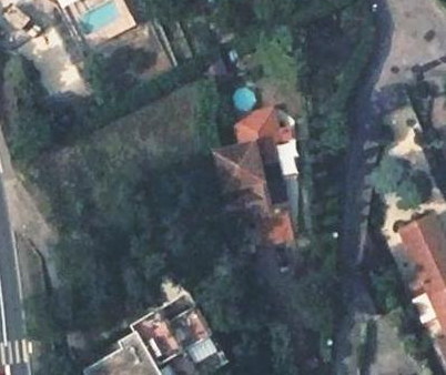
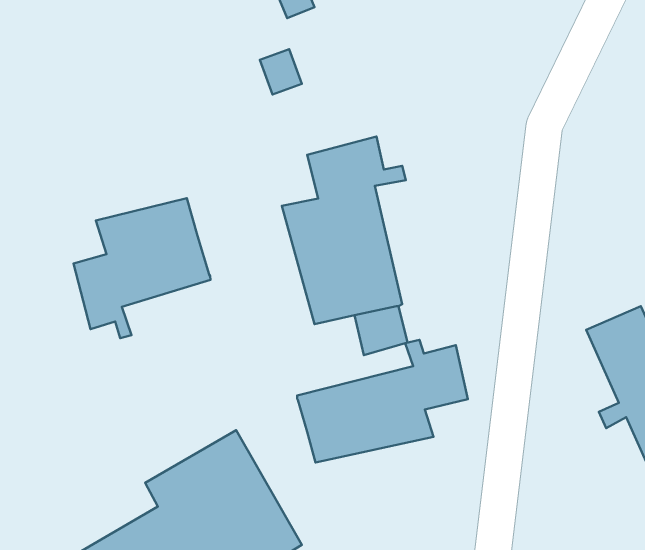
building: none -> [73,198,210,338]
building: none -> [297,340,468,463]

